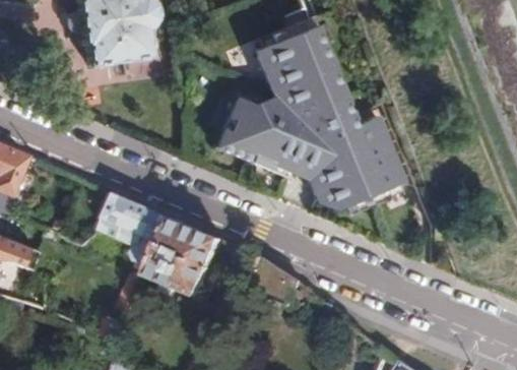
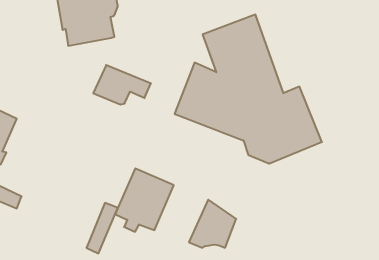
building: [99,193,172,243] -> [93,65,151,104]

